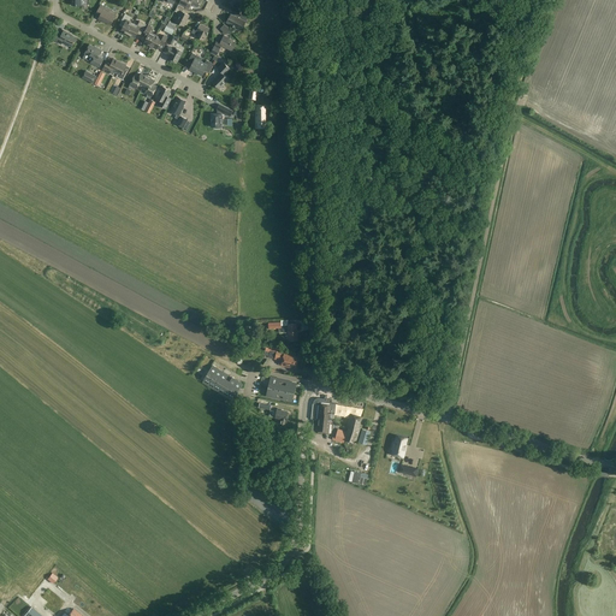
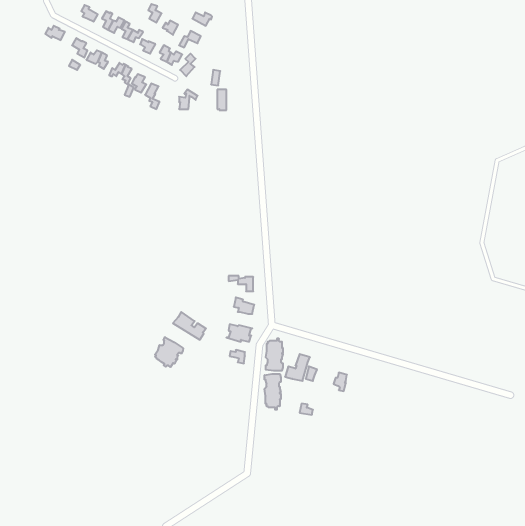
building: none -> [155,337,183,367]
building: none -> [265,374,281,410]

